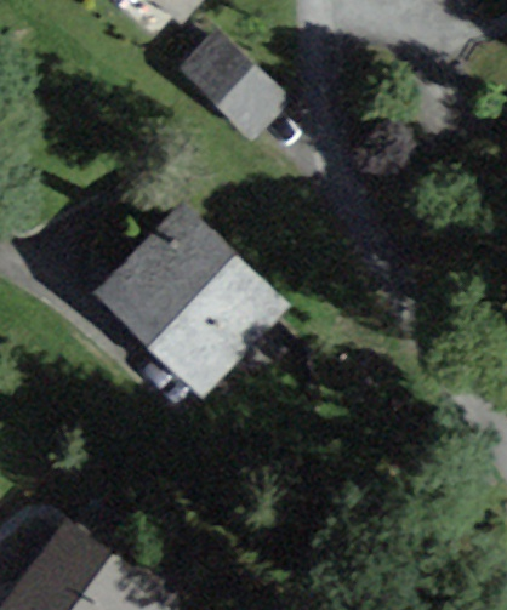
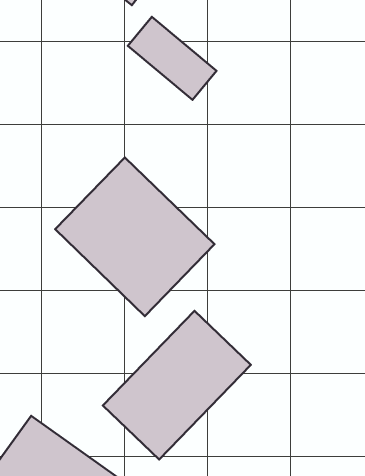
building: none -> [103,311,251,460]

